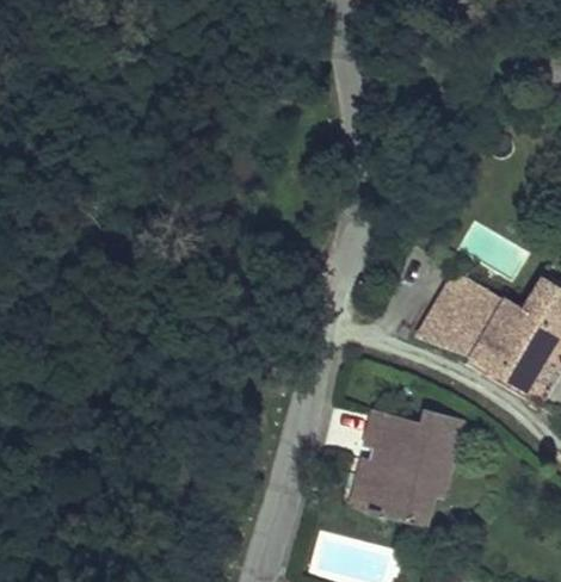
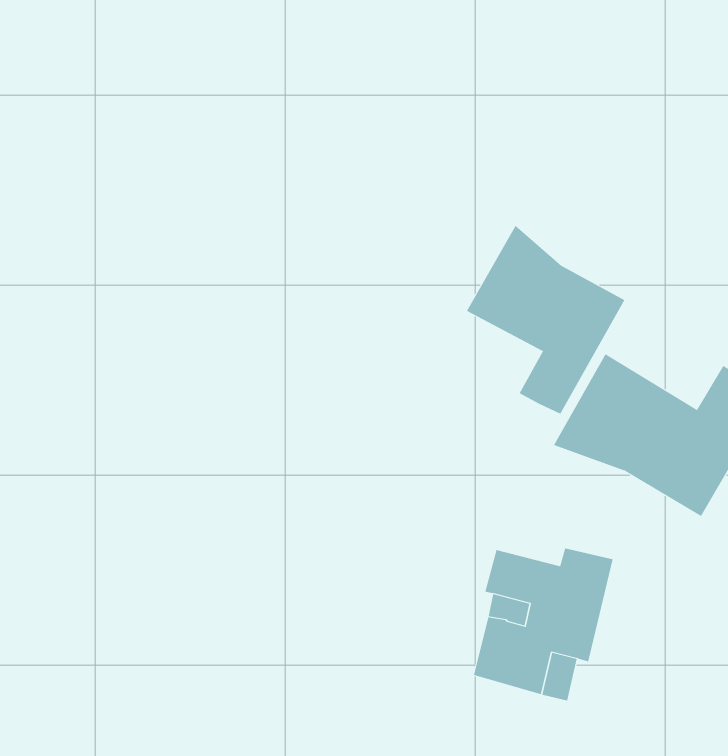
building: none -> [466,225,625,415]

